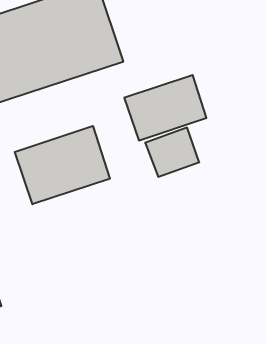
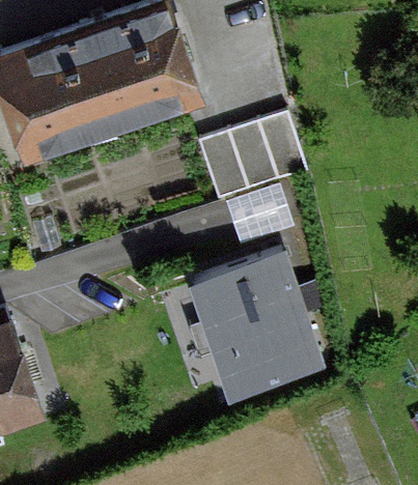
building: [15,126,110,204] -> none
building: none -> [190,255,321,398]

